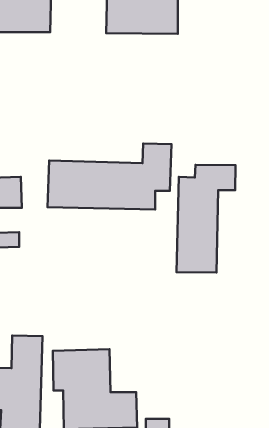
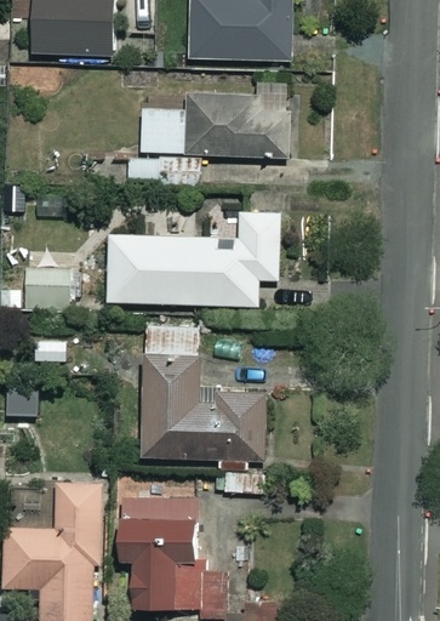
building: none -> [135,84,292,183]
building: [176,165,236,272] -> none
building: none -> [142,321,265,460]

